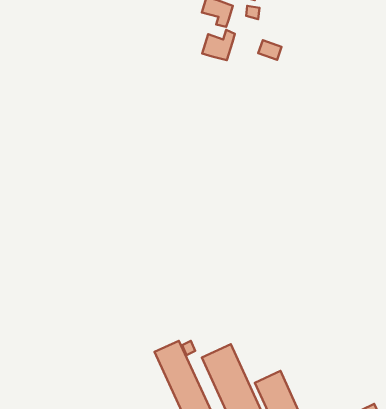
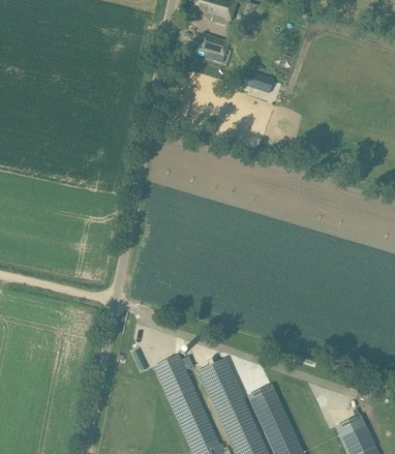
building: [202,30,235,60] -> none

